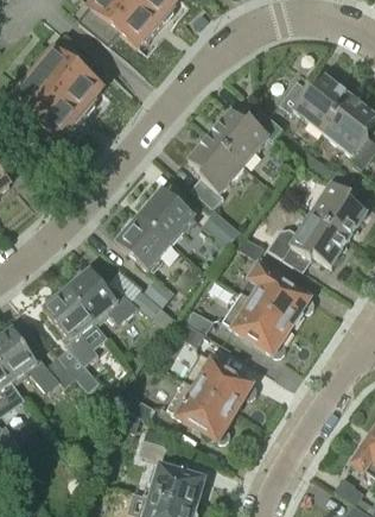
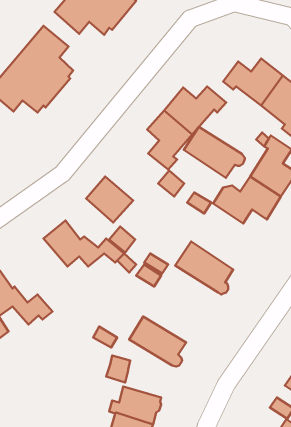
building: [139,188,196,244] -> none
building: [241,265,313,326] -> [184,127,245,178]
building: [43,289,100,390] -> none
building: [184,353,256,412] -> none

